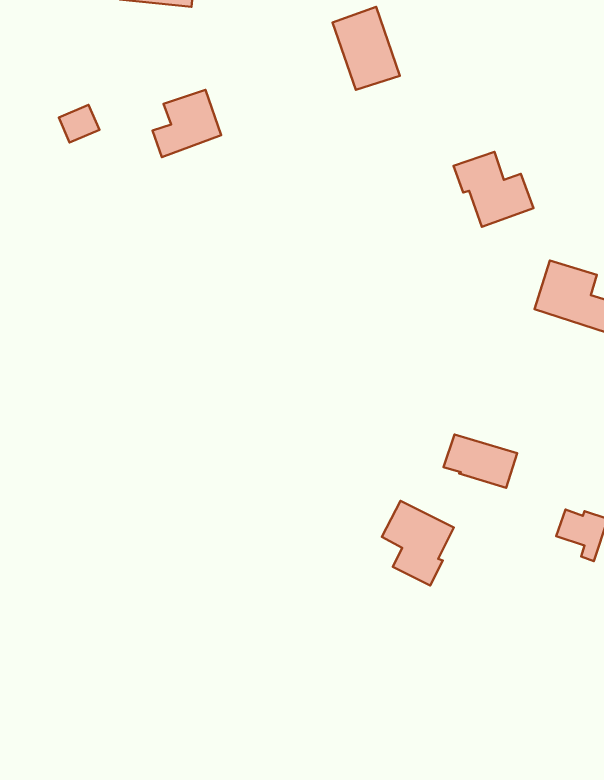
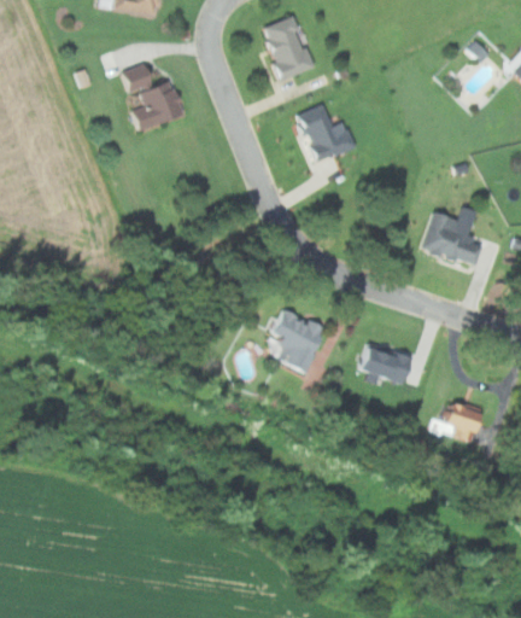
building: [59,105,99,142] -> [117,64,148,93]
building: [454,152,533,227] -> [292,104,353,162]
building: [382,501,454,585] -> [268,308,323,373]

